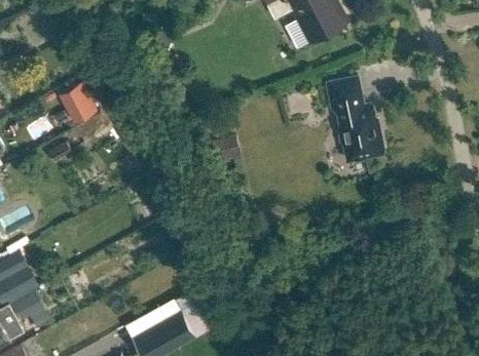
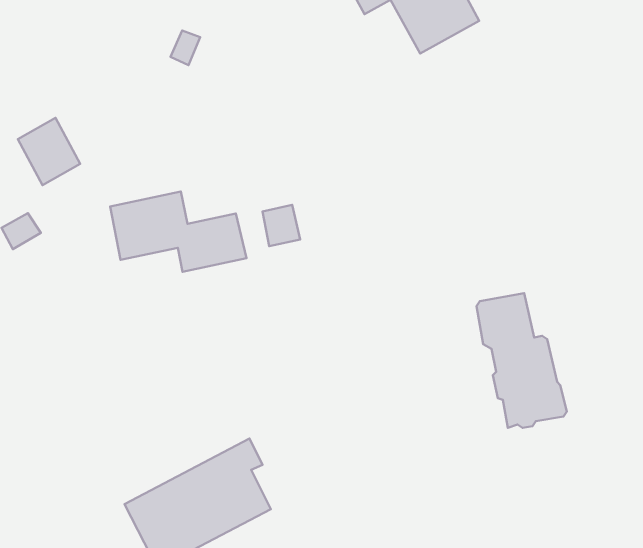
building: [328,78,384,162] -> [477,293,567,428]
building: none -> [110,191,246,272]

